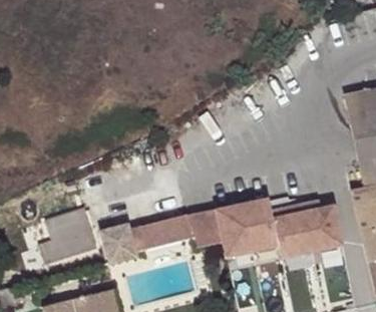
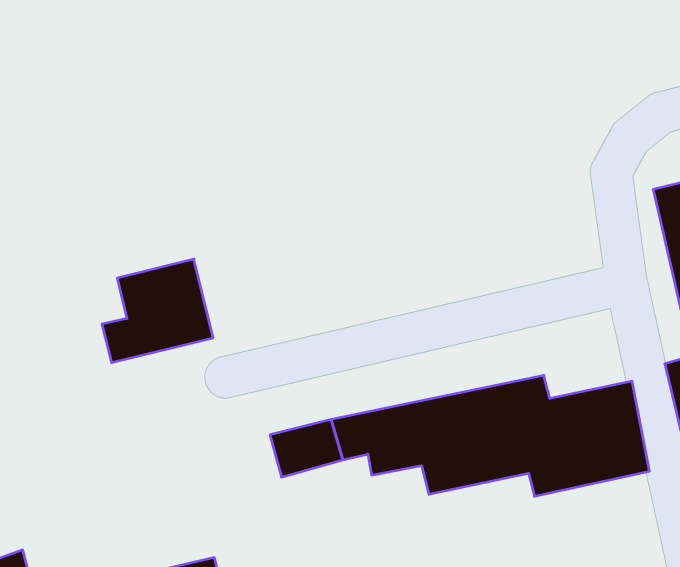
building: [37,207,95,261] -> [102,259,213,363]
building: [99,225,149,268] -> none

